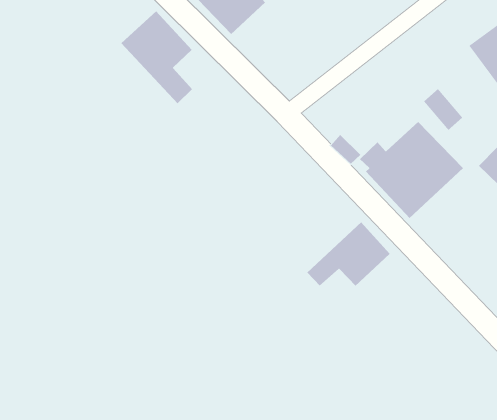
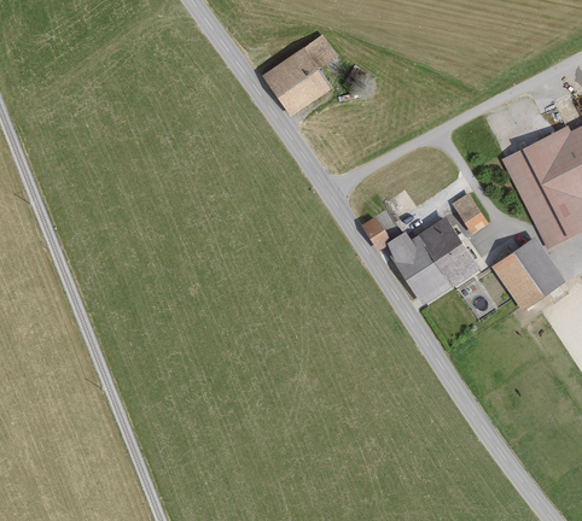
building: [121,11,193,104] -> none
building: [306,221,391,287] -> none

